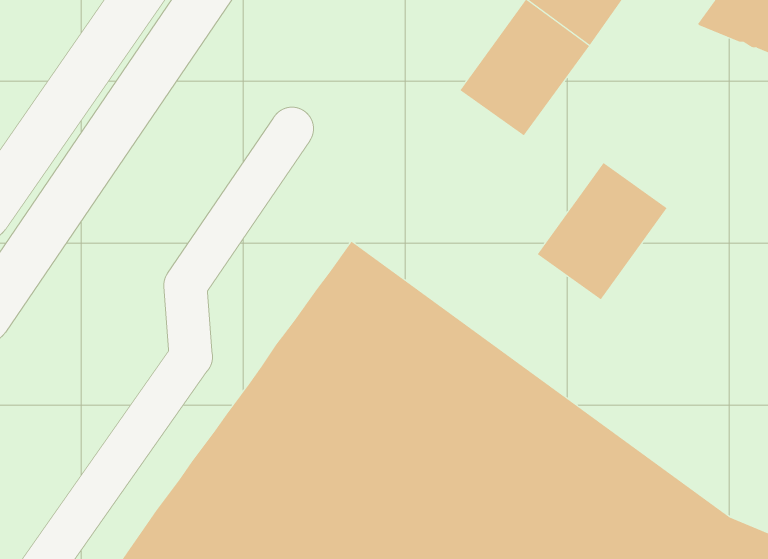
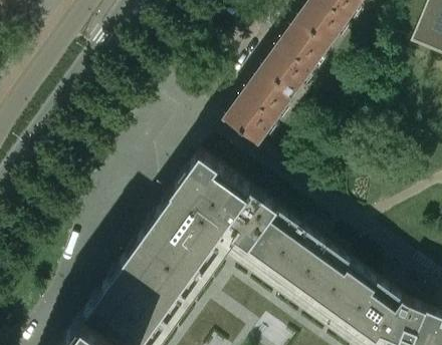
building: [537,162,668,300] -> [223,71,294,146]

